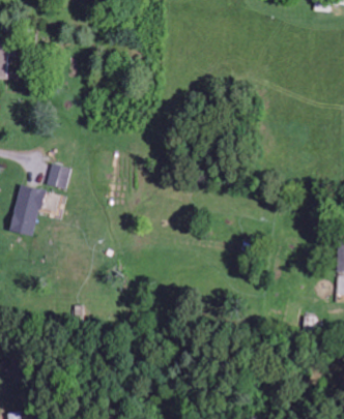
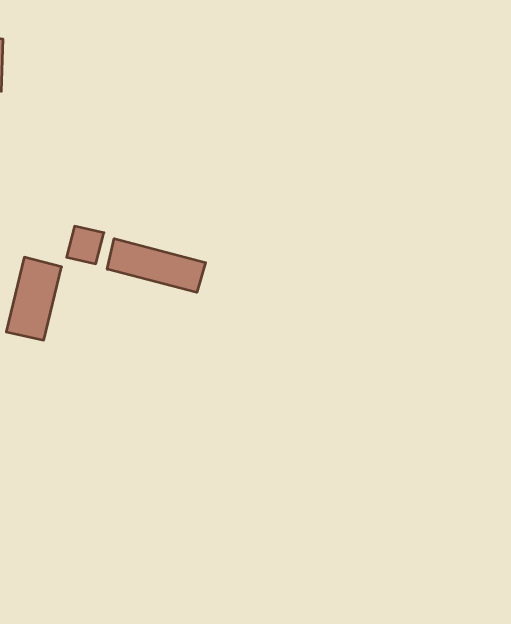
building: none -> [107,239,206,292]

